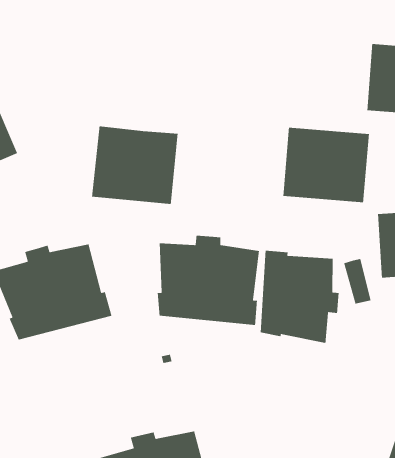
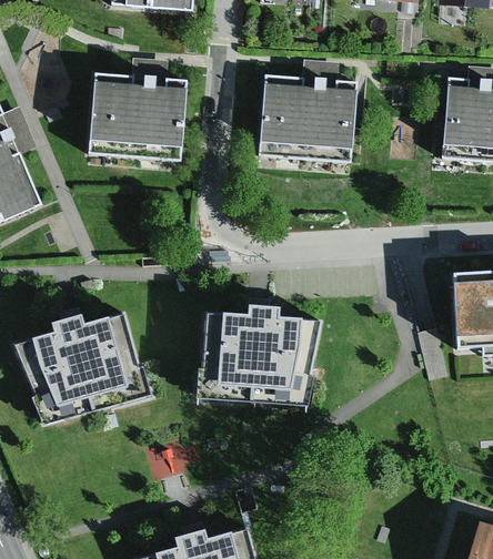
building: [91,126,178,205] -> [91,72,191,163]
building: [282,127,370,203] -> [259,75,359,163]
building: [260,250,340,344] -> none

